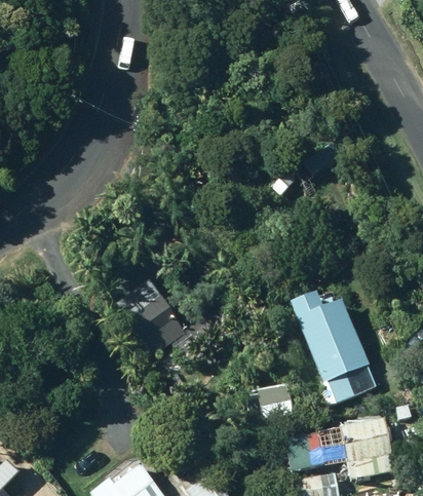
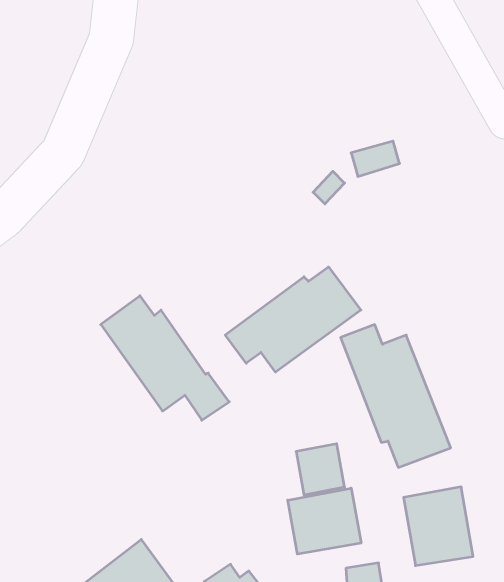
building: none -> [225,267,361,372]
building: none -> [288,488,361,554]

